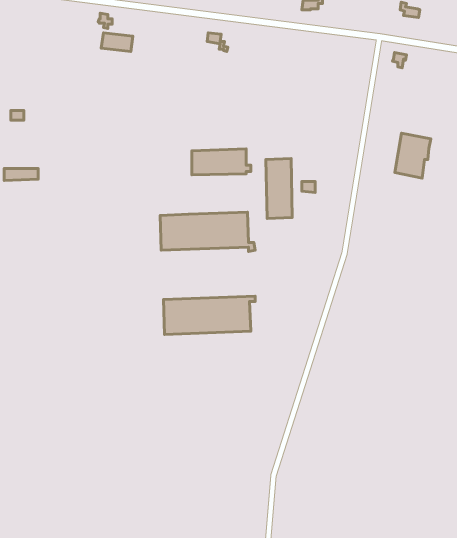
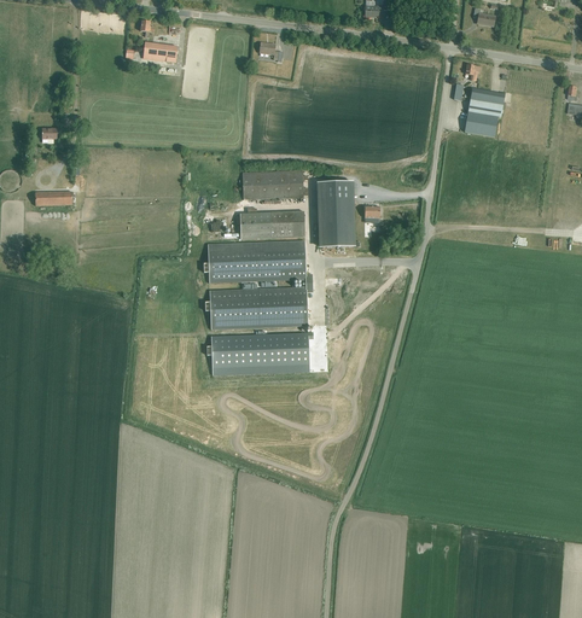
building: [395,133,431,178] -> [465,87,505,136]
building: none -> [240,210,304,238]
building: none -> [210,281,313,328]

